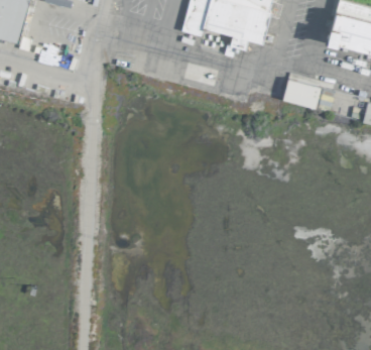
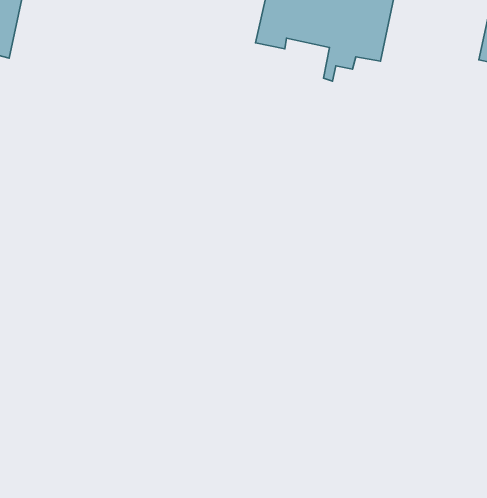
building: [281,79,321,109] -> none

